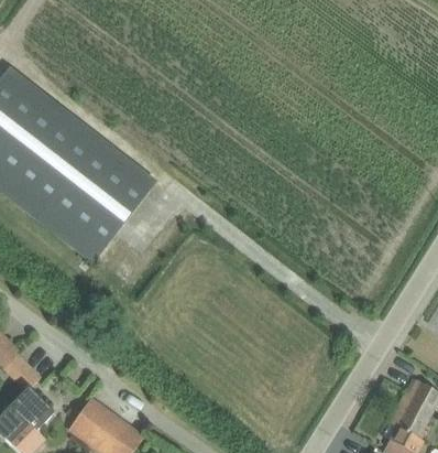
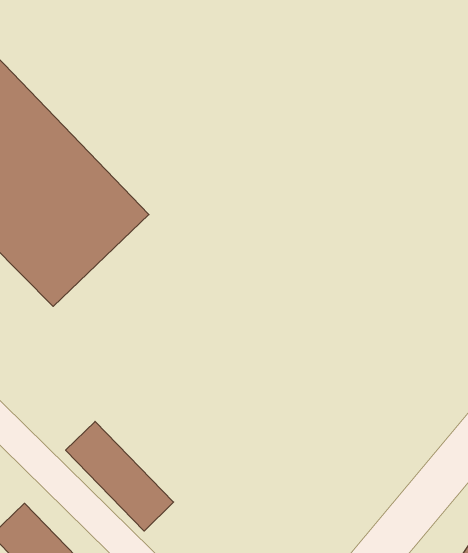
building: none -> [66,421,174,531]

